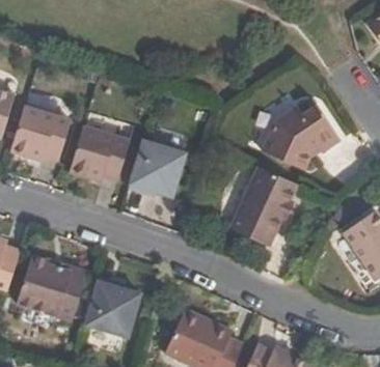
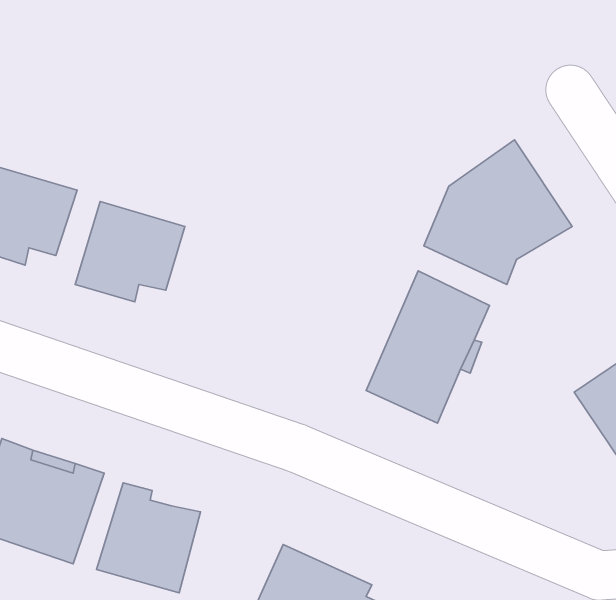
building: [131,140,185,195] -> none

